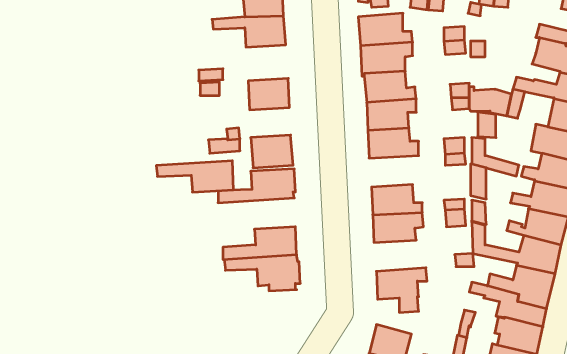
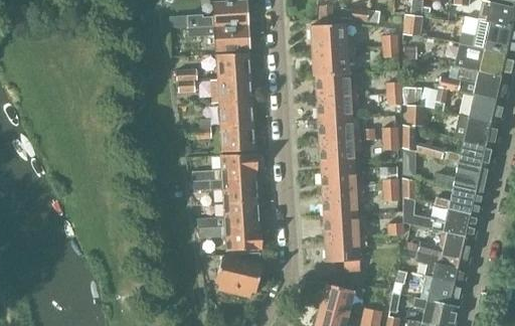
building: none -> [216,52,251,78]
building: none -> [219,101,253,126]
building: none -> [319,141,361,167]
building: [156,161,234,192] -> [193,176,258,202]
building: none -> [323,211,366,237]
building: none -> [215,252,263,296]

